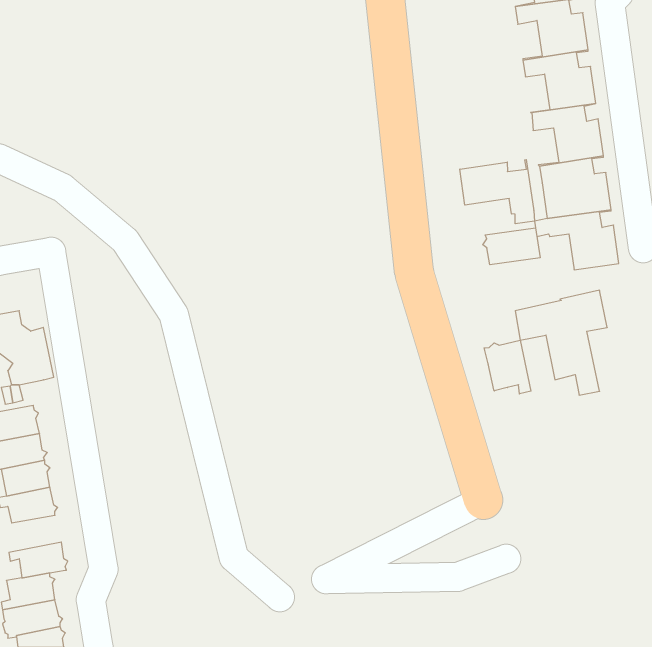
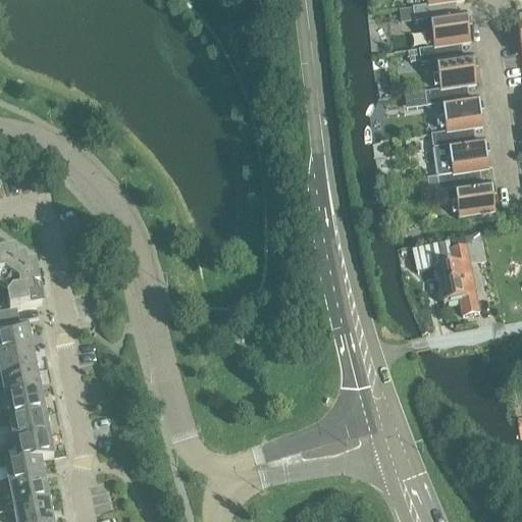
building: [460,160,534,224] -> none
building: [483,228,540,265] -> none
building: [484,340,531,394] -> none
building: none -> [5,411,49,440]

